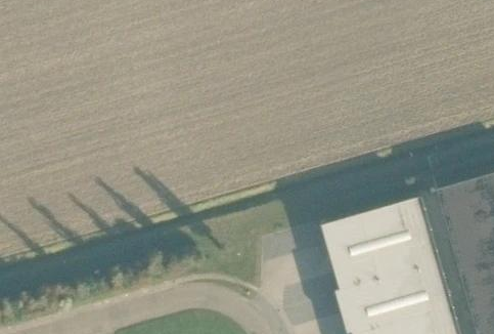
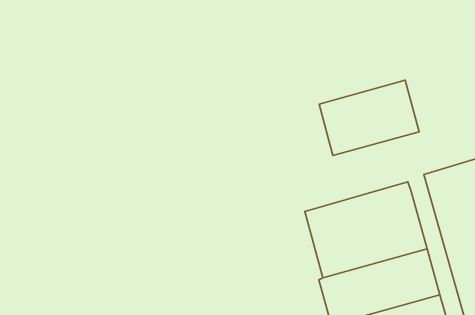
building: none -> [319,80,419,156]

